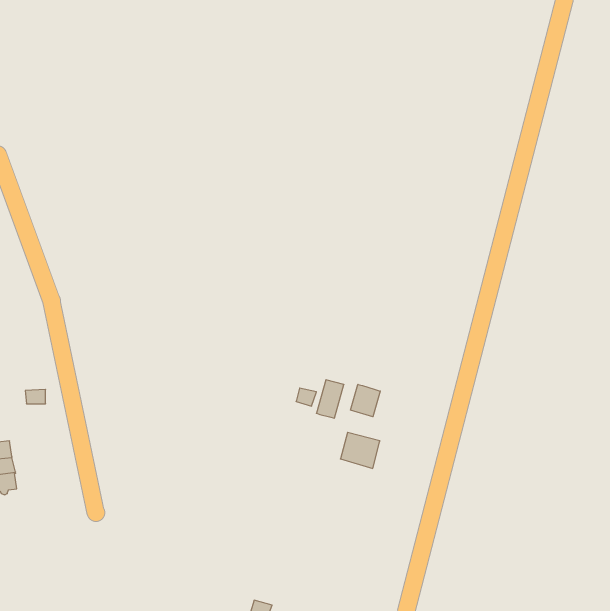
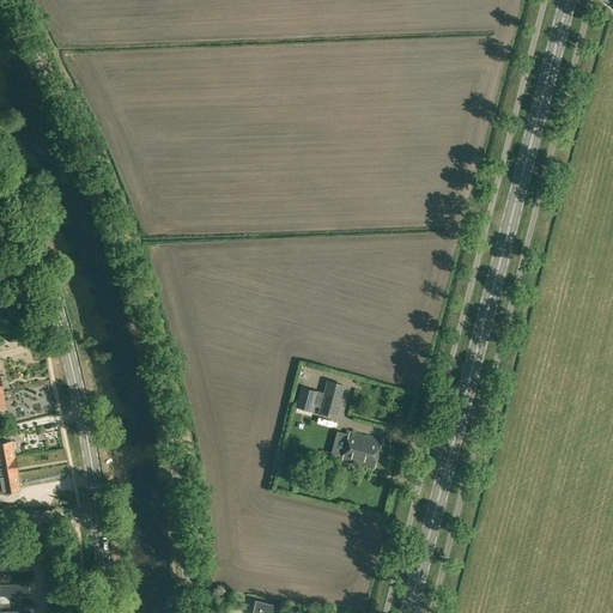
building: [351,384,380,417] -> none

